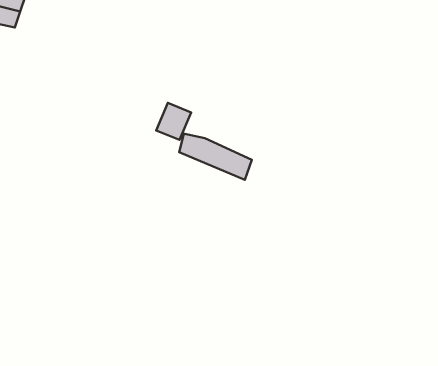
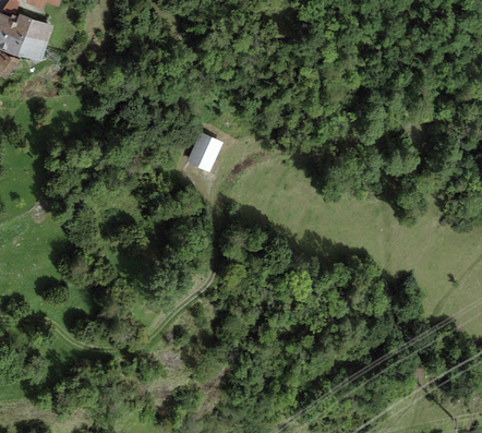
building: [179,133,252,180] -> none

